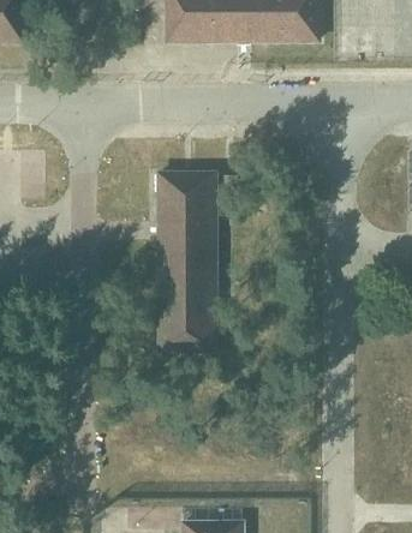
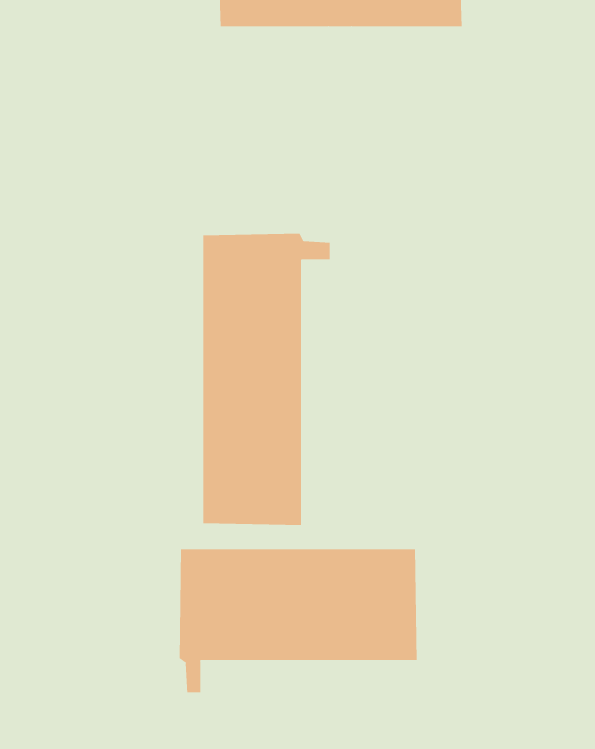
building: none -> [179,549,417,693]

